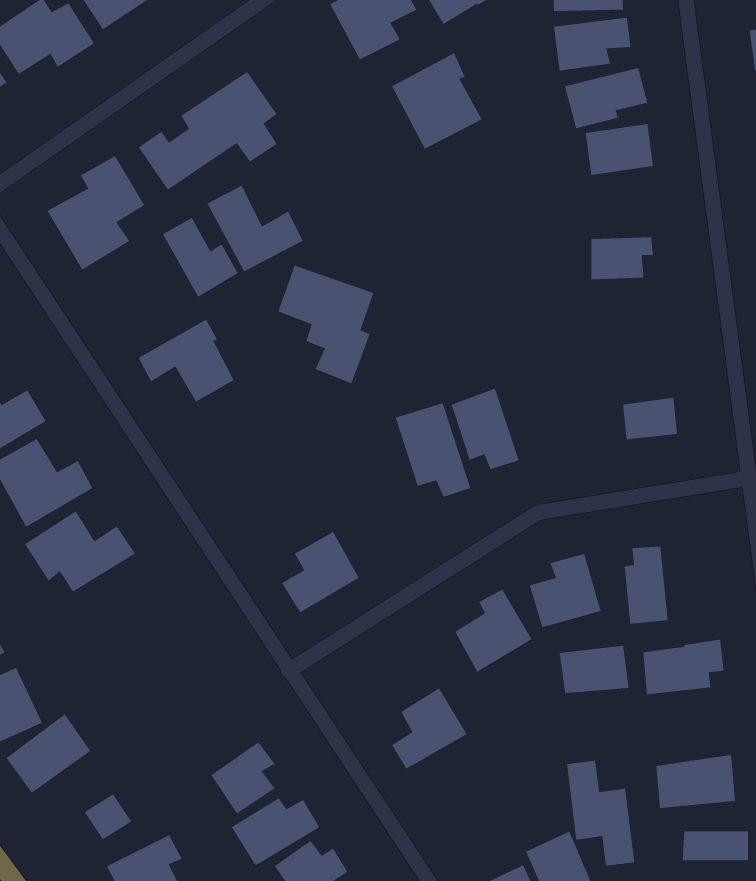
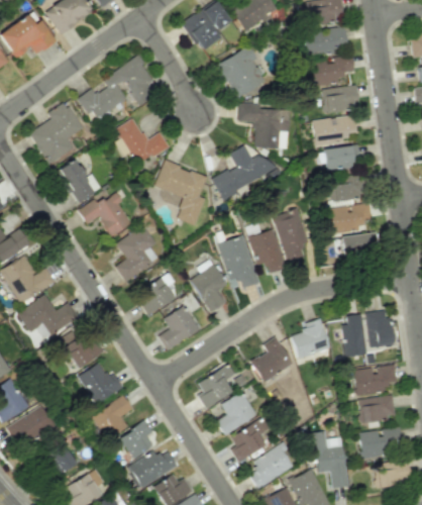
building: none -> [238,103,289,149]
building: none -> [313,117,355,144]
building: [162,217,239,297] -> [60,160,101,203]
building: none -> [212,145,274,197]
building: none -> [330,177,362,200]
building: none -> [327,203,373,233]
building: none -> [273,209,308,262]
building: none -> [115,226,159,282]
building: none -> [191,260,227,312]
building: none -> [139,280,174,316]
building: none -> [365,311,393,346]
building: none -> [57,328,103,371]
building: none -> [79,365,122,404]
building: none -> [197,365,235,408]
building: [559,645,630,694] -> [357,396,396,422]
building: none -> [92,396,132,440]
building: none -> [230,418,269,462]
building: none -> [247,444,294,489]

